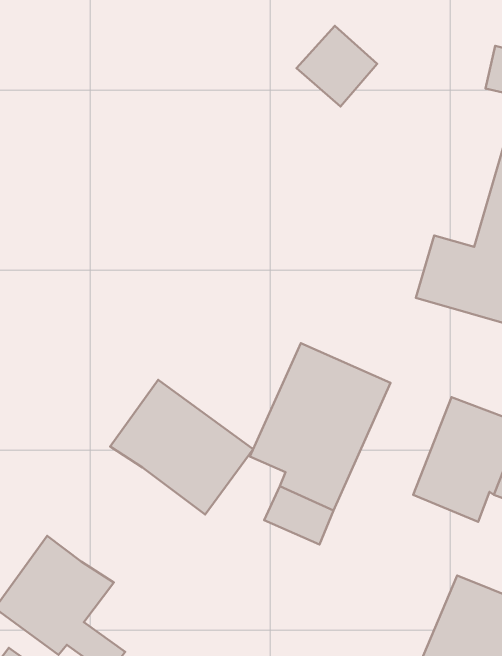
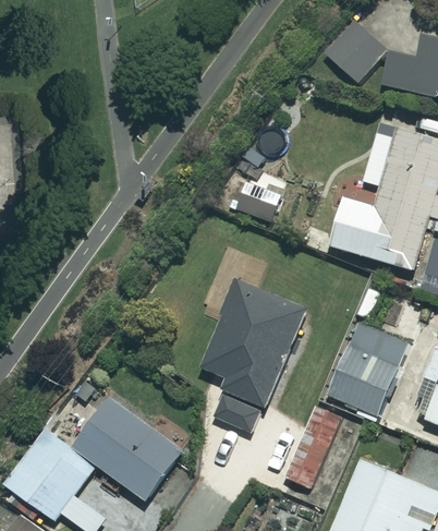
building: [296,26,377,106] -> [324,21,386,83]
building: [110,380,253,514] -> [71,397,181,500]
building: none -> [285,406,343,488]

